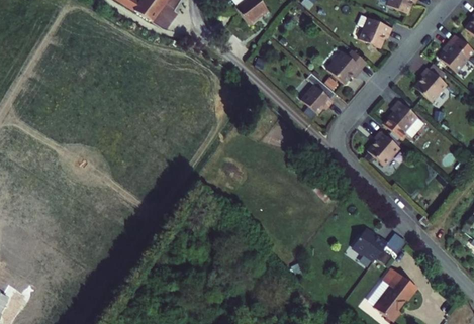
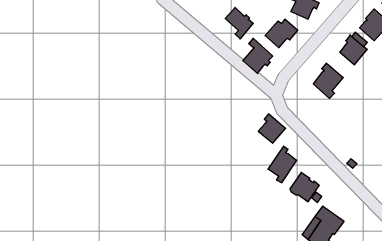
building: none -> [225,7,253,39]
building: [368,130,400,165] -> [258,114,286,143]
building: none -> [268,146,297,183]

